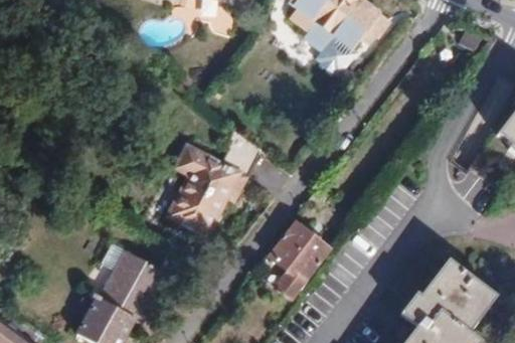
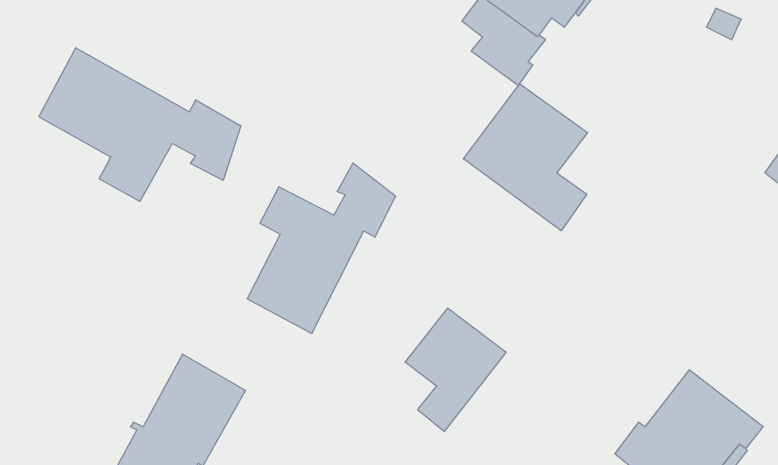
building: none -> [39,48,241,201]
building: none -> [463,84,588,231]

